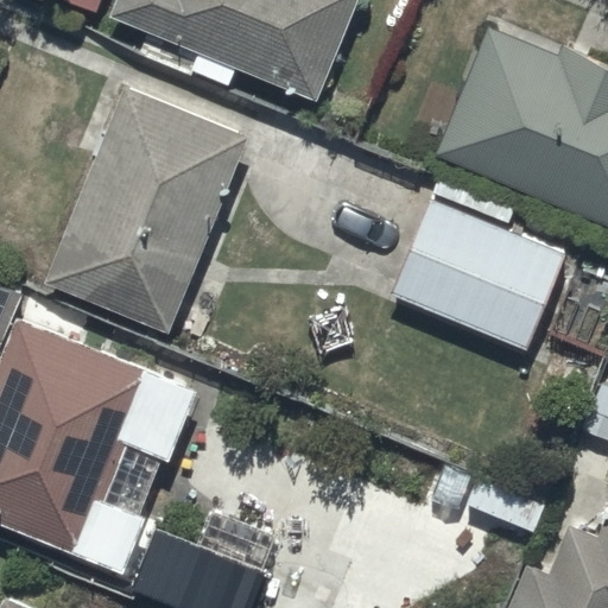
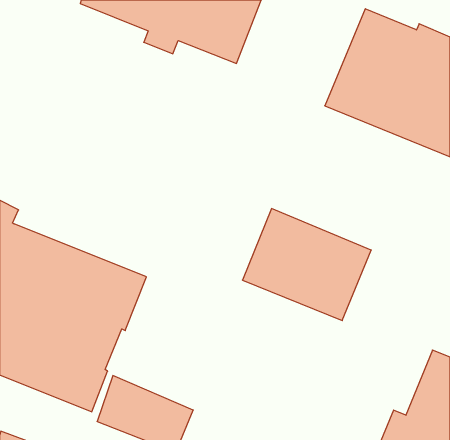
building: [44,83,248,331] -> none
building: [392,200,565,350] -> [242,209,371,321]

